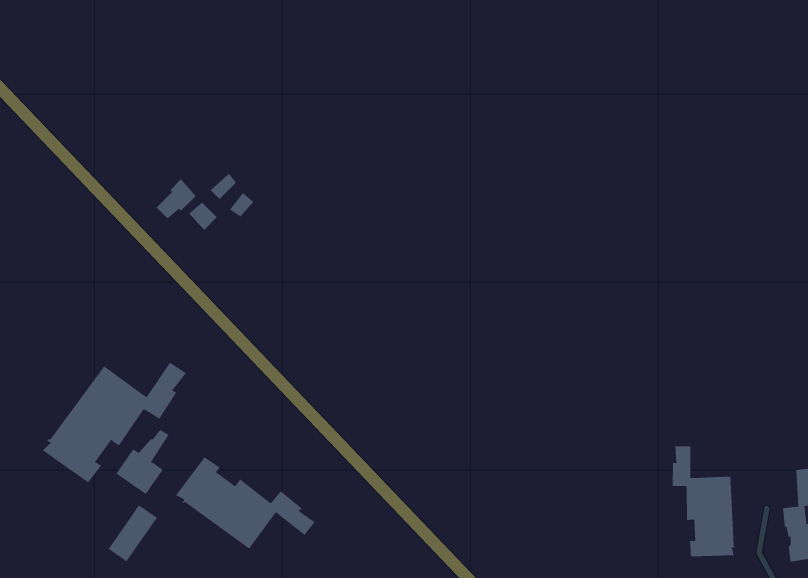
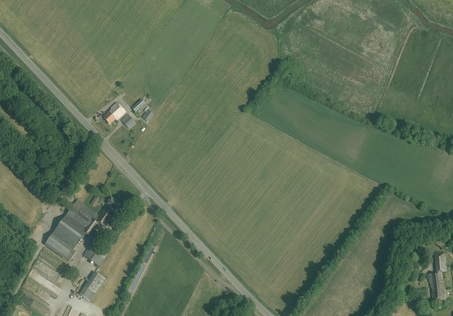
building: [672,446,736,557] -> none
building: [175,456,316,550] -> none

